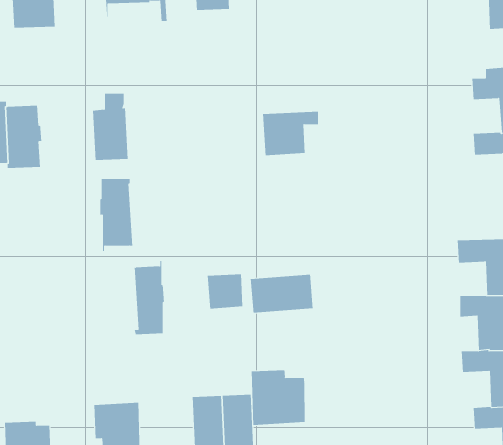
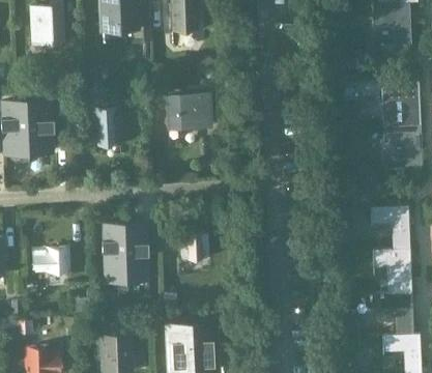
building: [262,111,319,156] -> [167,95,210,130]
building: [99,179,133,251] -> [102,225,127,281]
building: [250,274,313,313] -> none
building: none -> [31,249,70,276]
building: [251,369,305,426] -> none

